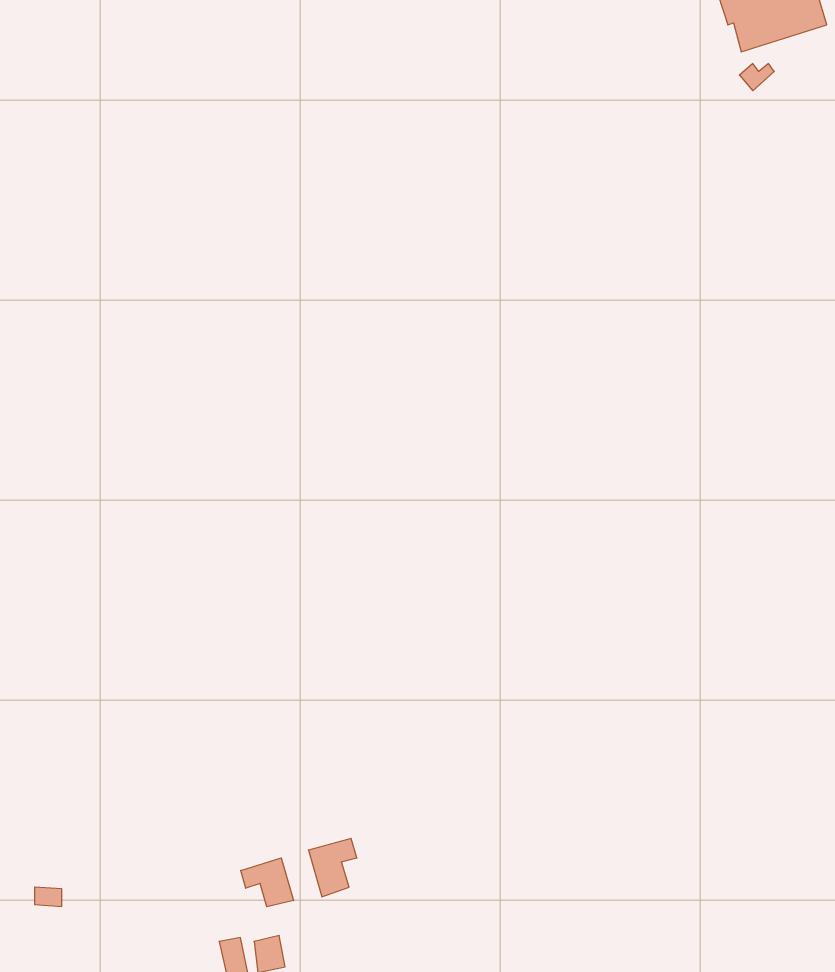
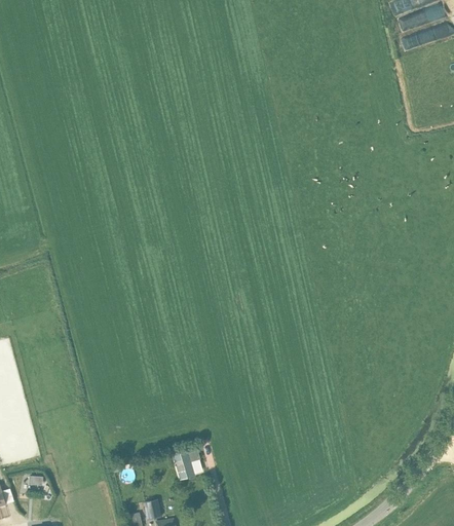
building: [241,858,294,907] -> none

